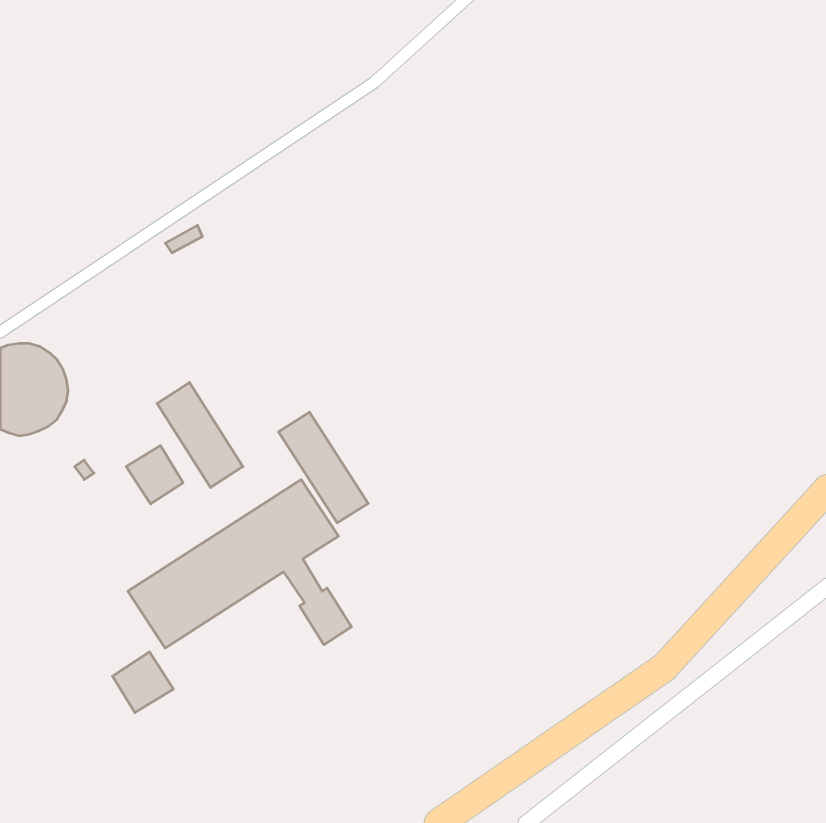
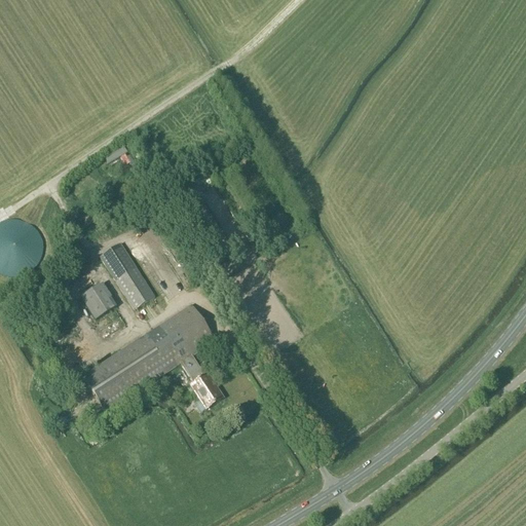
building: [279,412,368,523] -> none
building: [112,652,173,713] -> none

